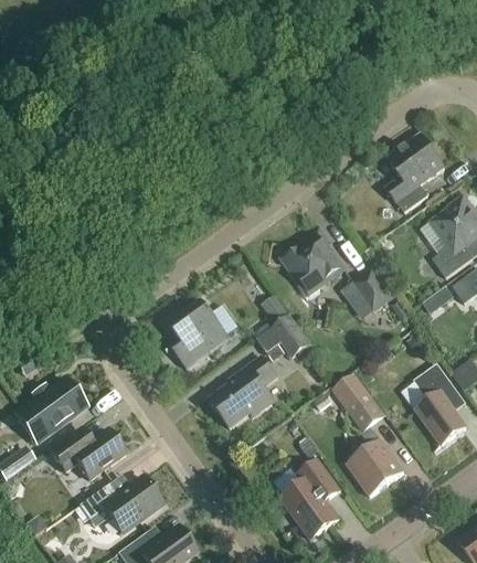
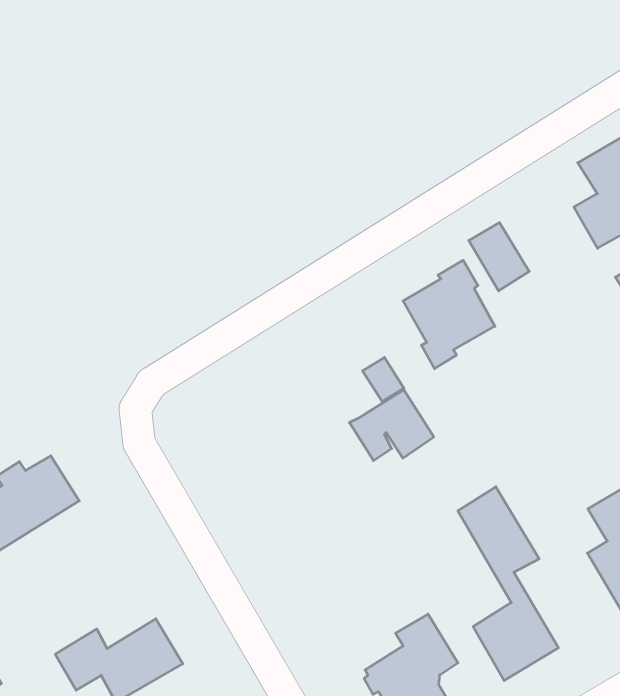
building: [352,268,393,312] -> [469,223,529,291]
building: [165,298,230,368] -> none
building: [209,355,276,428] -> none
building: [49,427,125,480] -> none

